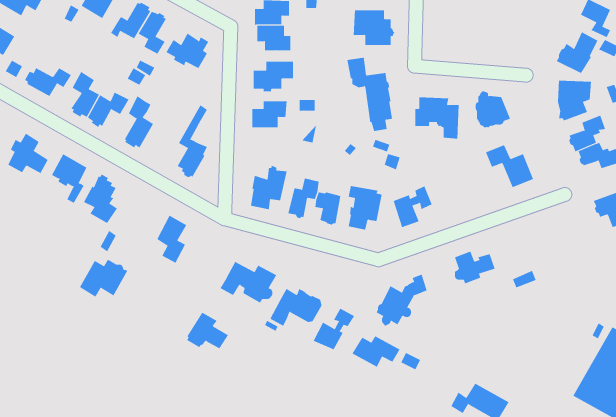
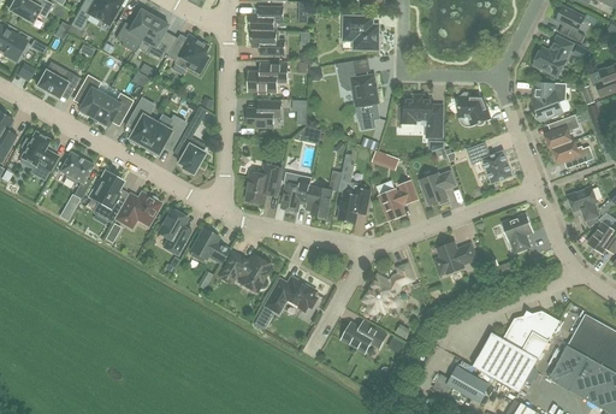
building: none -> [143,114,186,155]
building: none -> [420,171,456,205]
building: none -> [502,213,533,252]
building: [79,259,128,297] -> [116,191,161,227]
building: [313,308,355,350] -> none
building: [187,312,229,349] -> [190,227,230,262]
building: none -> [473,310,559,392]

